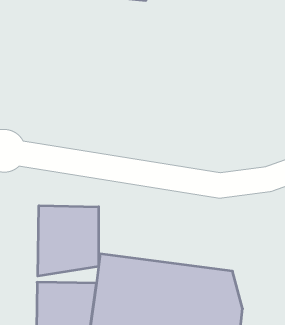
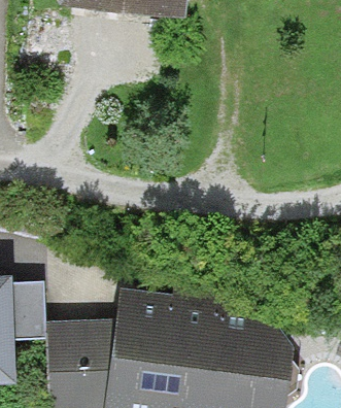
building: [38,206,99,276] -> none

